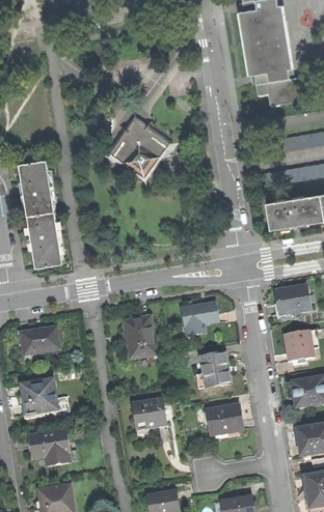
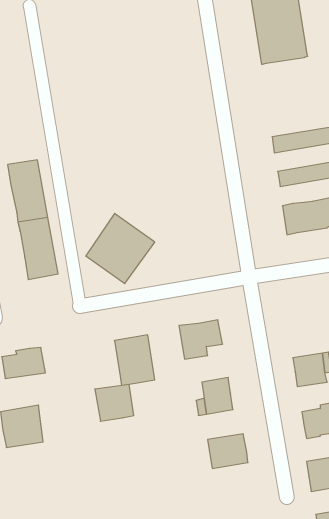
building: [258,65,304,102] -> none
building: [112,117,174,180] -> [86,213,155,284]
building: [274,287,307,315] -> none
building: [129,398,164,431] -> [95,384,134,421]
building: [26,430,69,467] -> none

